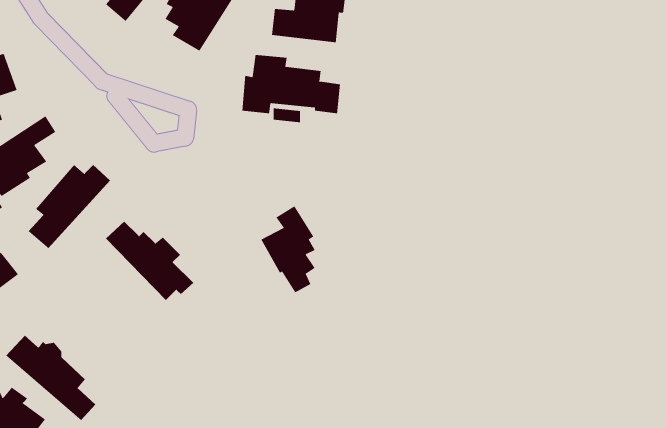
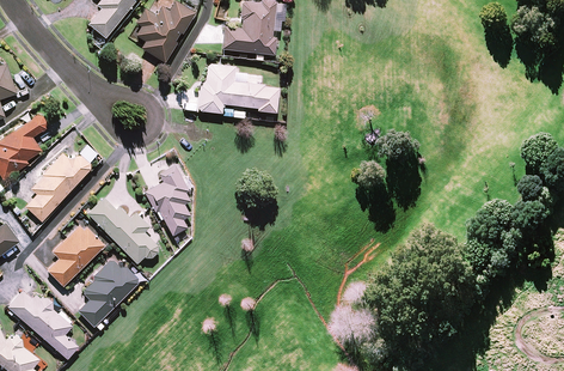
building: [261,206,316,293] -> [145,164,189,235]
building: none -> [47,223,104,286]
building: none -> [78,260,139,327]

